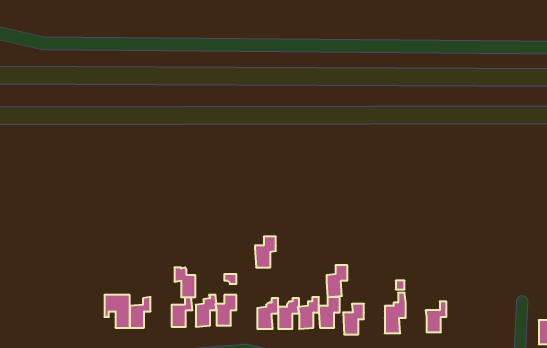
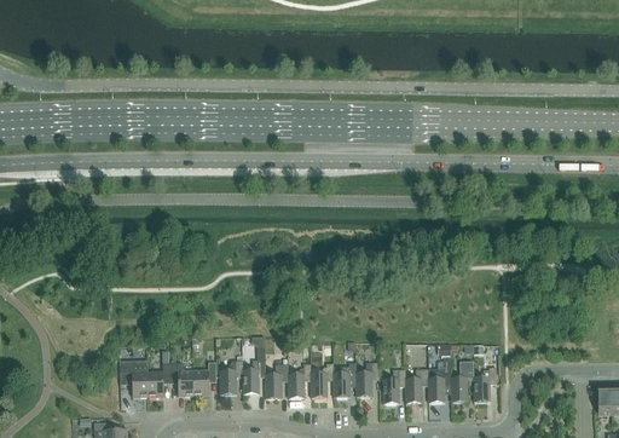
building: [255,237,276,267] -> [265,365,288,399]
building: [327,265,347,297] -> [405,369,428,404]
building: [174,267,195,297] -> [170,363,193,396]
building: none -> [451,368,474,403]

